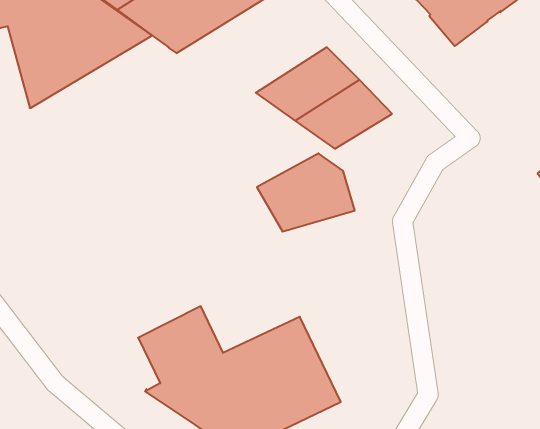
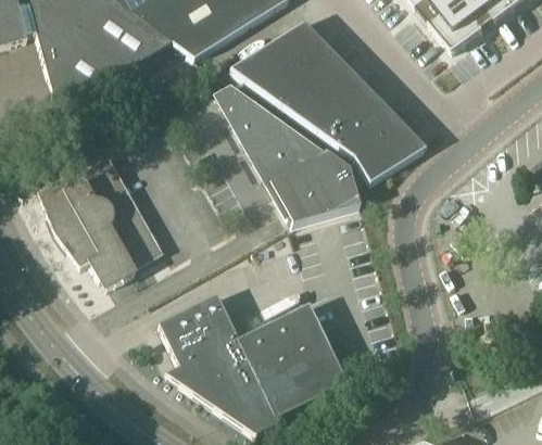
building: none -> [229,20,333,94]
building: none -> [216,82,326,182]
building: none -> [341,114,426,181]
building: none -> [37,154,156,279]

